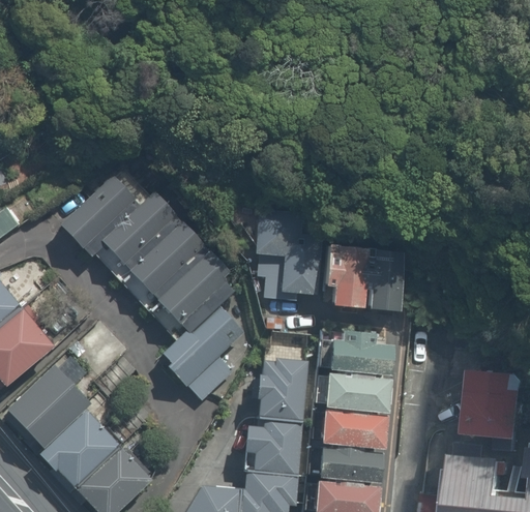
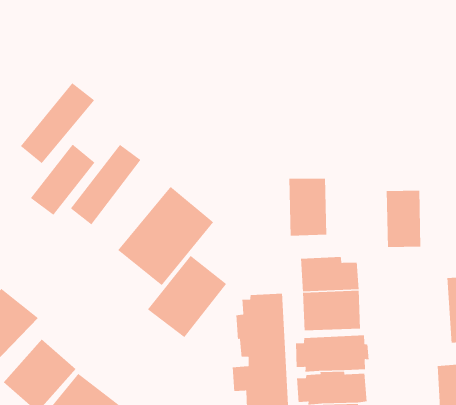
building: [125,212,209,292] -> [20,82,95,164]
building: [261,215,317,298] -> none
building: [362,248,405,311] -> [386,190,421,248]

